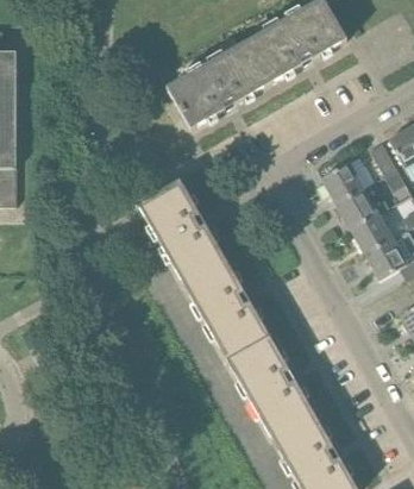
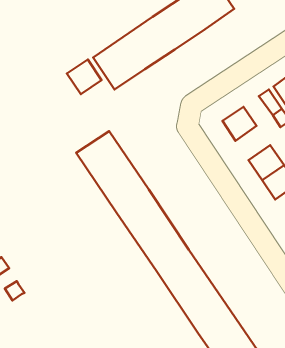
building: none -> [67,59,102,94]
building: [335,182,388,228] -> none

